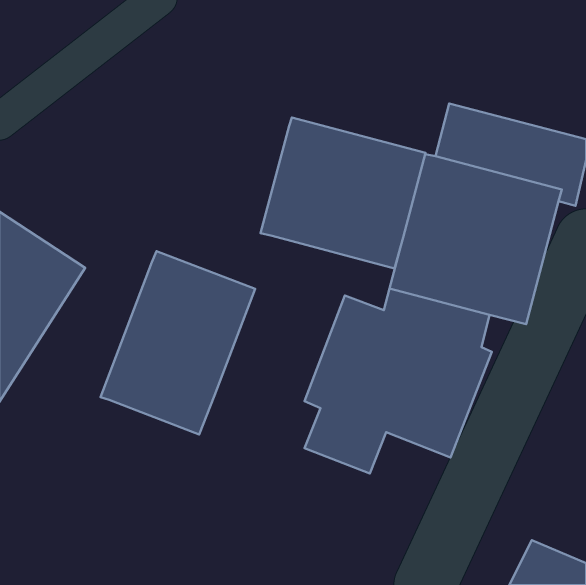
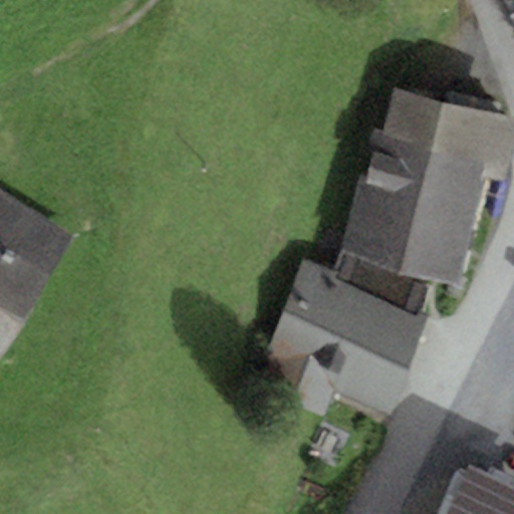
building: [261,117,425,268] -> none
building: [101,251,255,435] -> none

